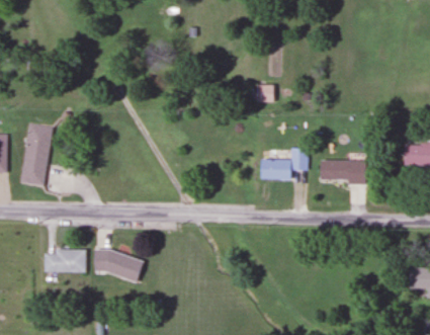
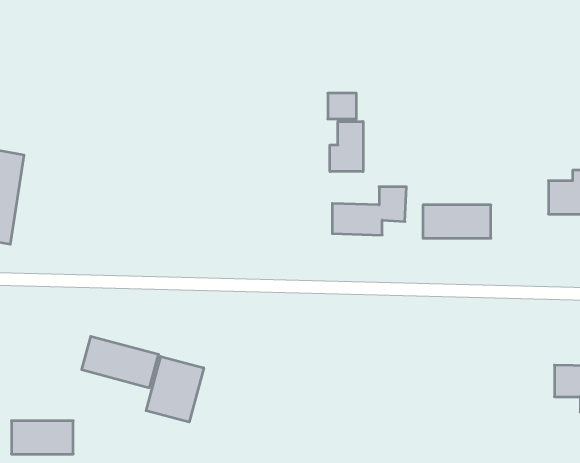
building: none -> [330,121,363,172]
building: [45,250,86,272] -> [11,421,73,454]
building: none -> [146,356,204,422]

